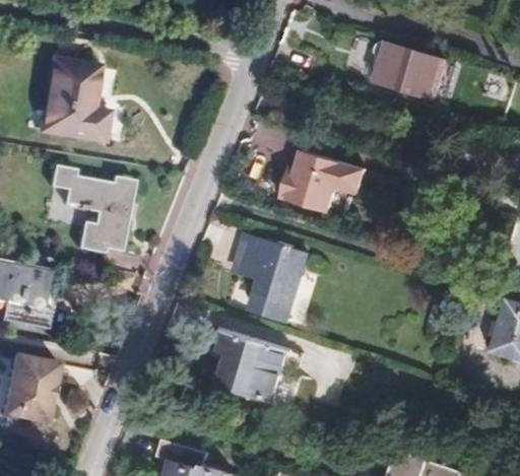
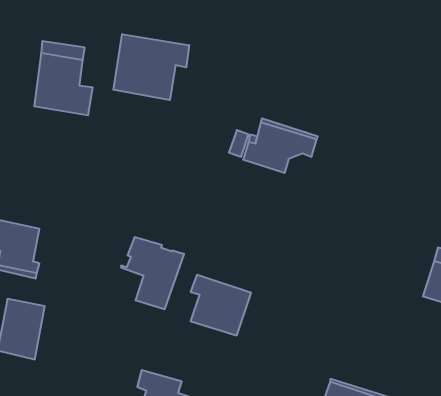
building: [375,41,450,99] -> none
building: none -> [113,34,189,100]
building: [40,171,121,257] -> none
building: [234,235,306,318] -> [121,237,184,309]

